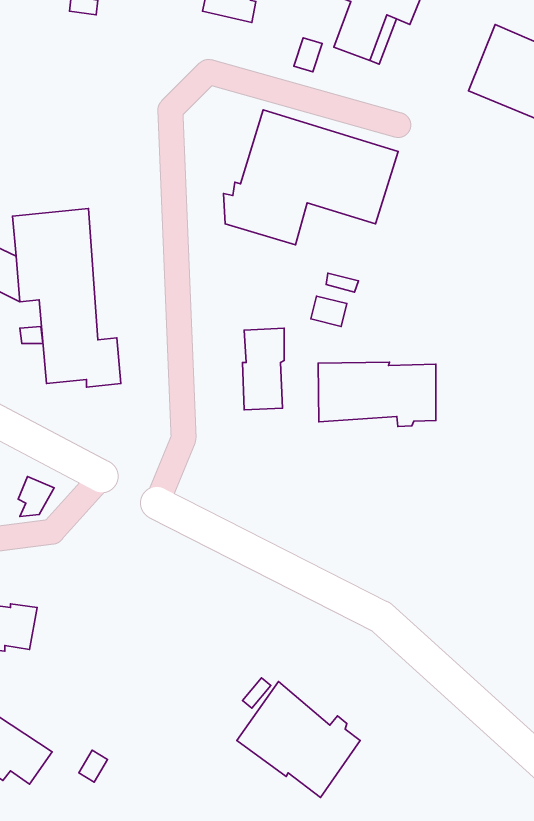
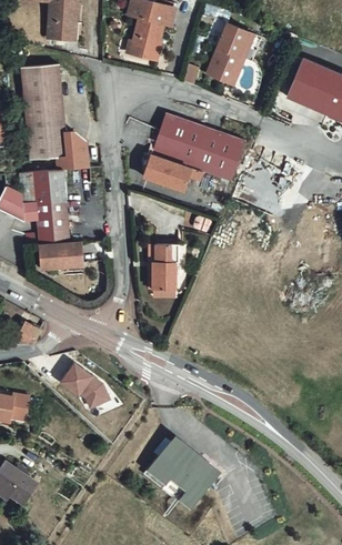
building: none -> [21,63,87,168]
building: [318,362,436,426] -> none
building: none -> [59,367,111,414]

